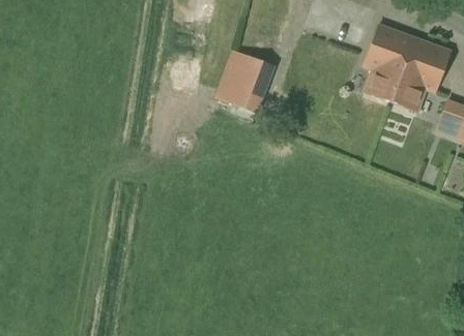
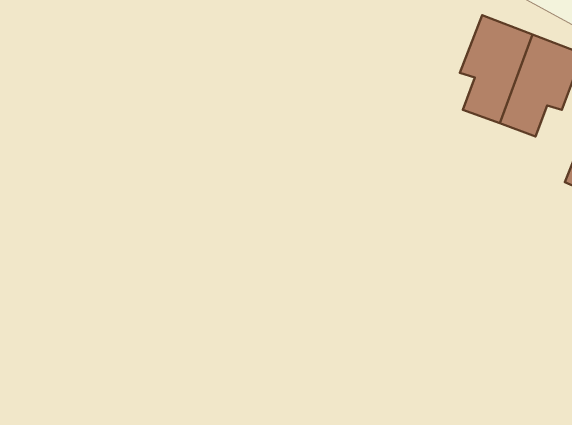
building: [215,48,274,110] -> none

